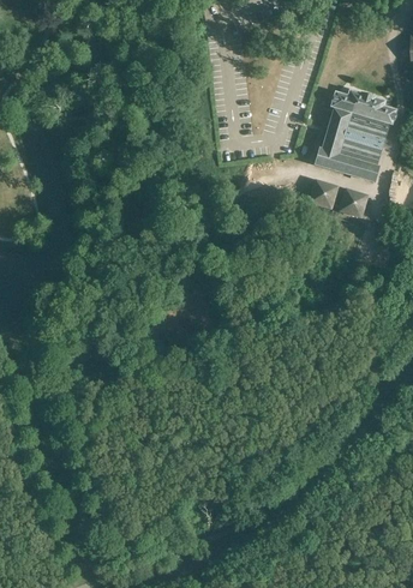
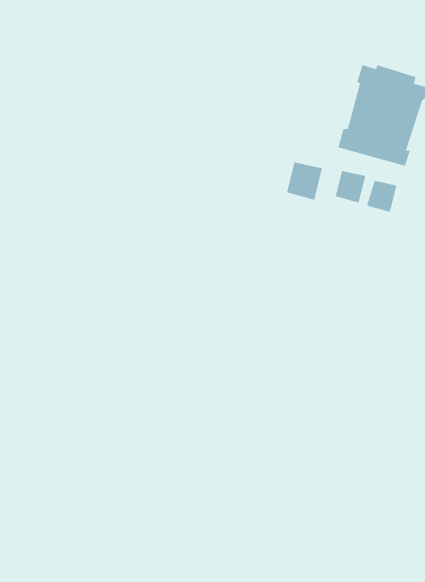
building: none -> [287,161,323,201]

